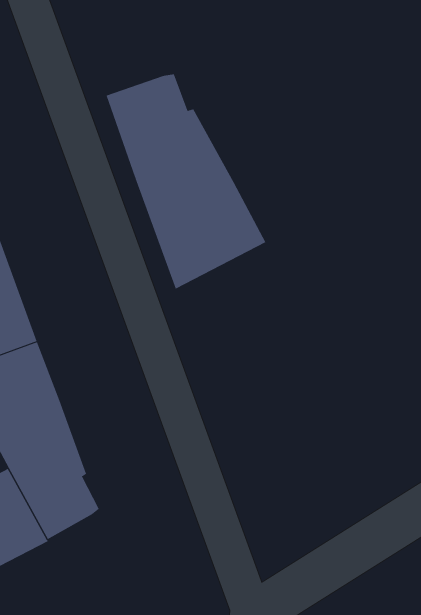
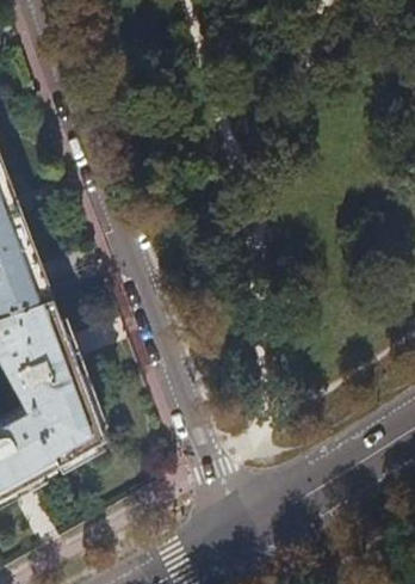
building: [106,73,266,290] -> none

